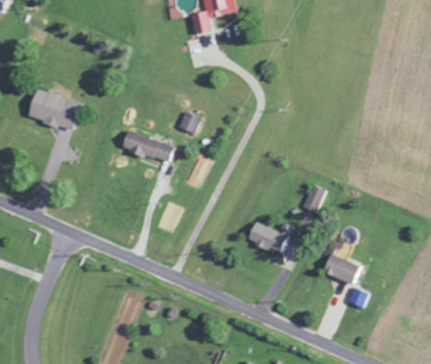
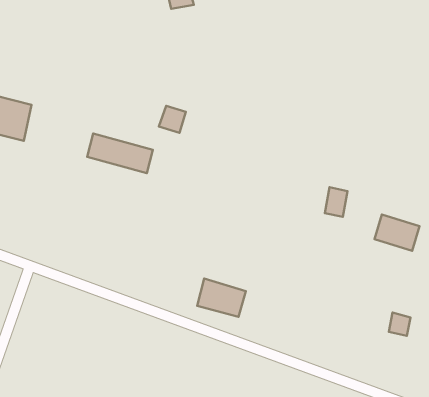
building: [247,219,286,251] -> [197,279,246,317]
building: [323,252,360,283] -> [375,215,419,251]

